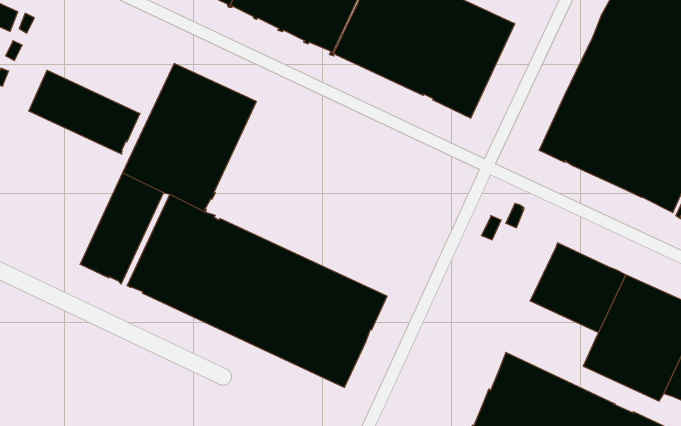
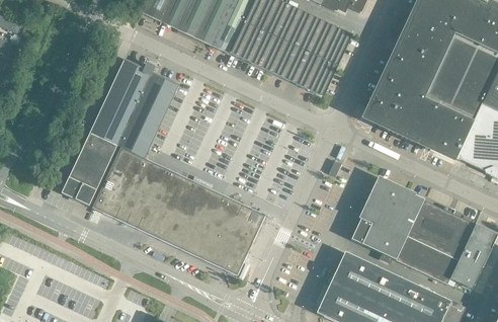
building: [29,70,140,154] -> none
building: none -> [350,217,406,260]

